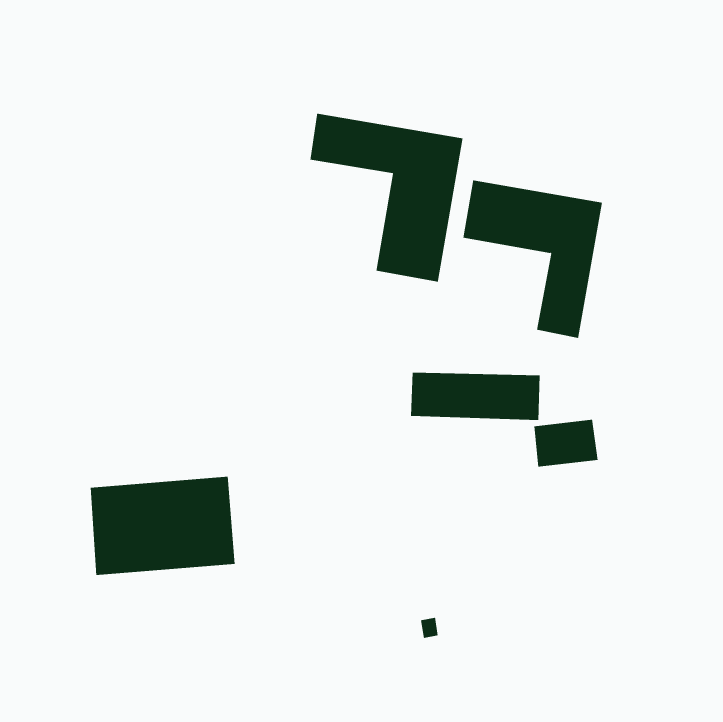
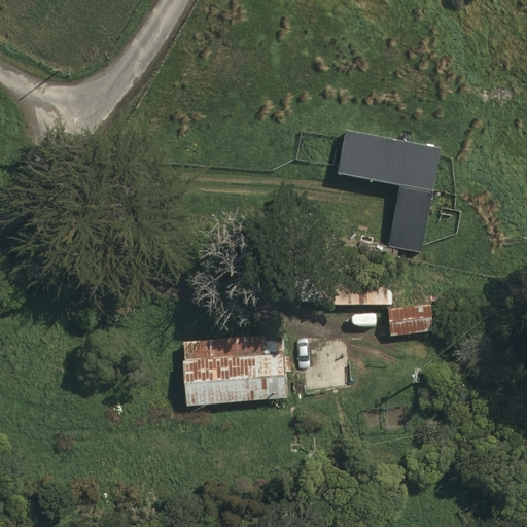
building: [310,113,463,282] -> none
building: [90,476,236,575] -> [182,333,288,406]

